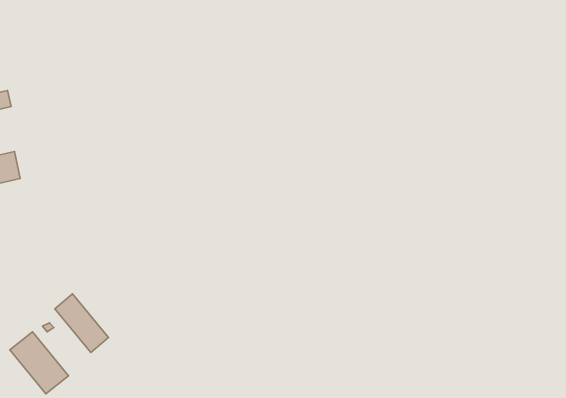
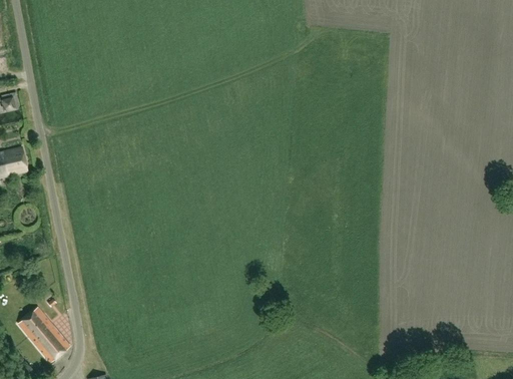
building: [55,294,108,353] -> none

